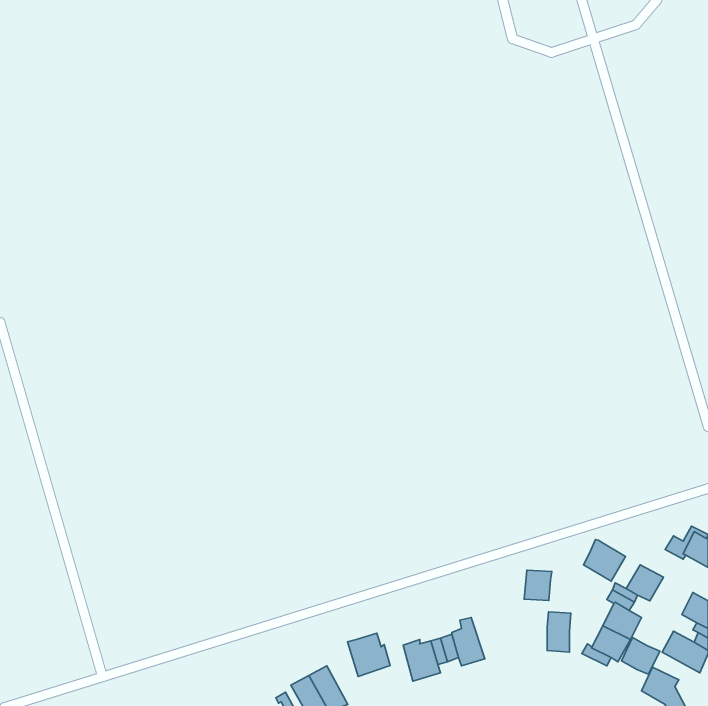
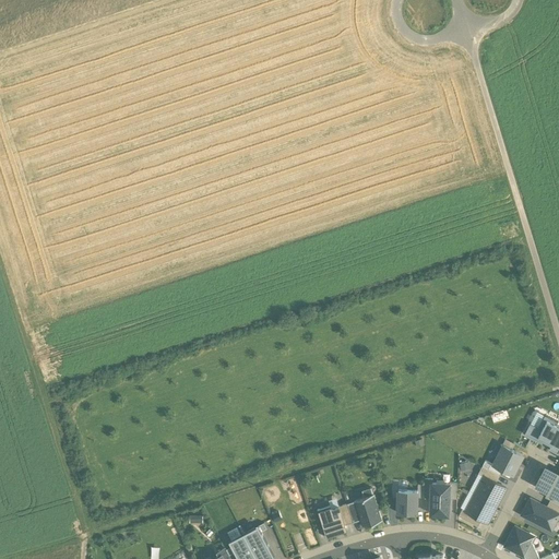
building: [584,540,626,581] -> none
building: [524,570,552,601] -> [396,490,418,514]
building: [348,633,390,677] -> none
building: [621,637,660,674] -> none

